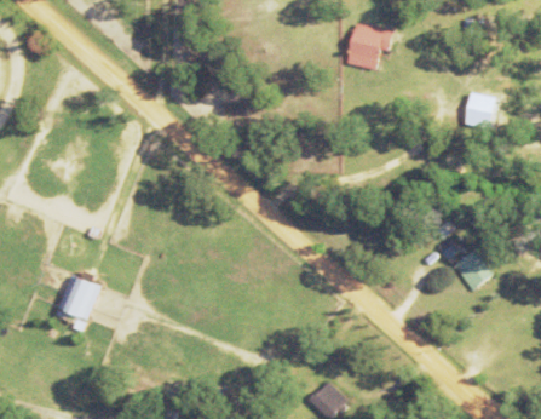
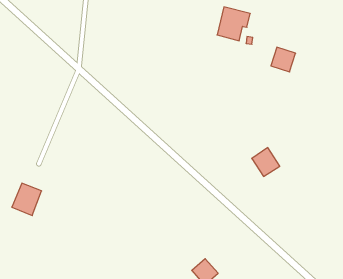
building: [467,92,502,127] -> [271,47,296,72]
building: [455,248,495,289] -> [252,148,280,176]

